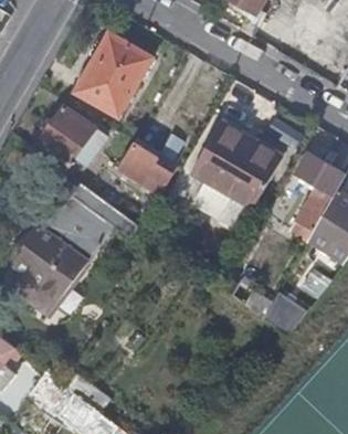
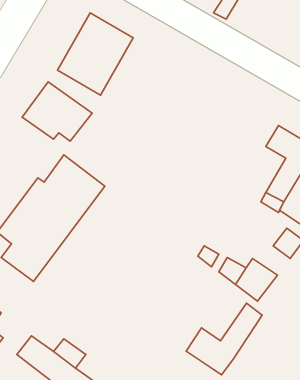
building: [191,121,282,208] -> none
building: [118,141,179,194] -> none
building: none -> [186,303,262,375]

